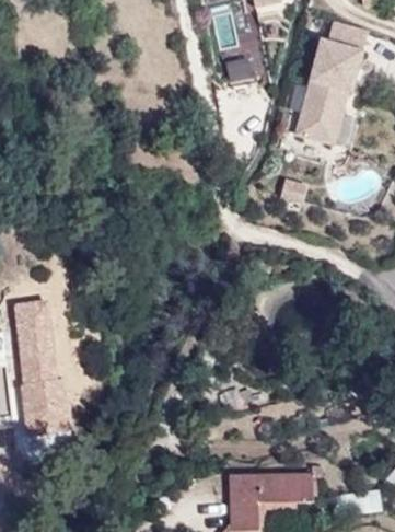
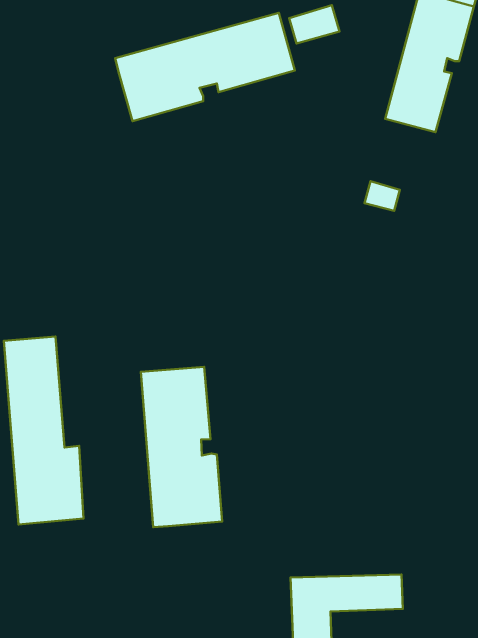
building: none -> [115,13,295,121]
building: none -> [141,367,222,527]

